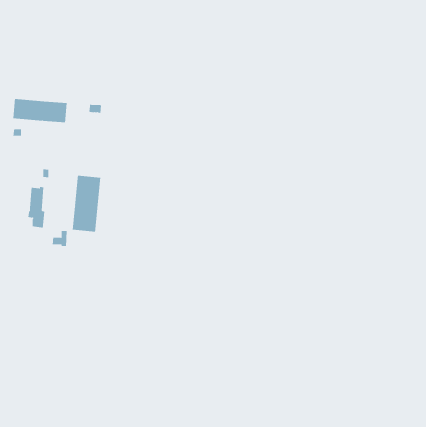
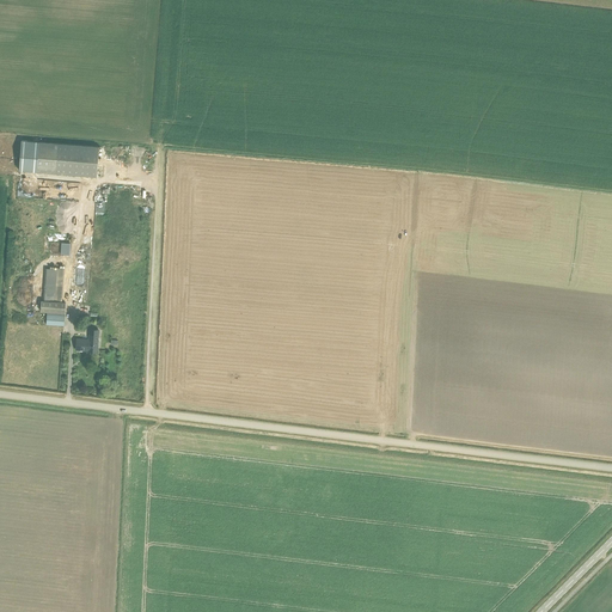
building: [72,175,101,232] -> none

